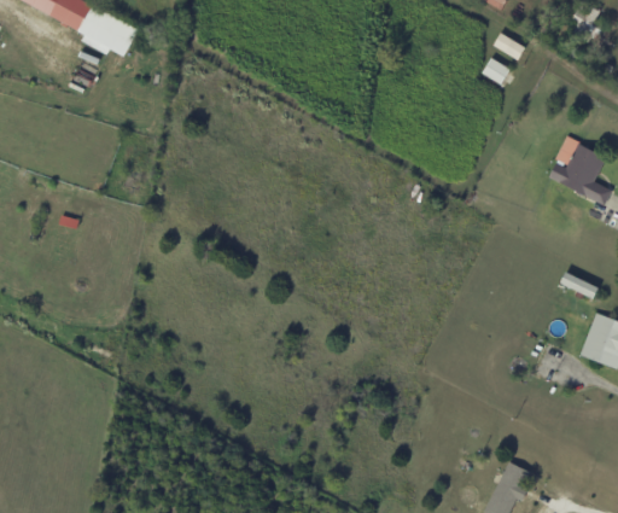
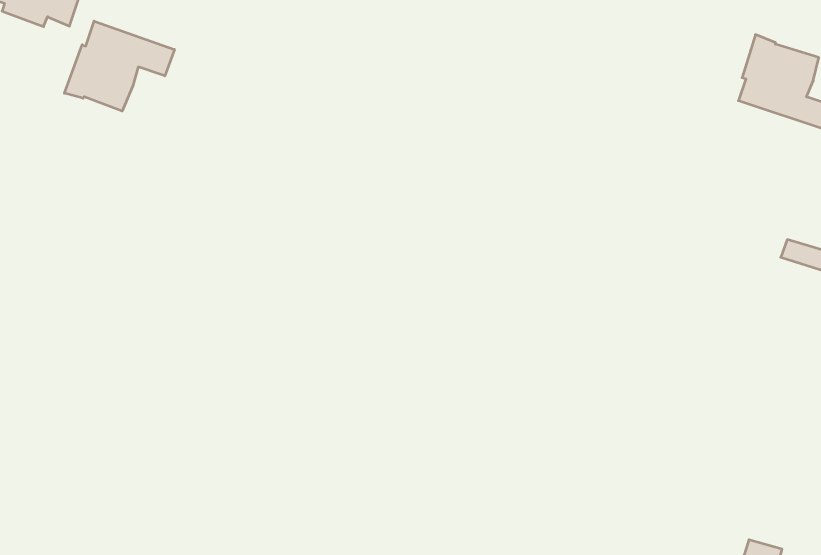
building: none -> [64,21,174,111]

